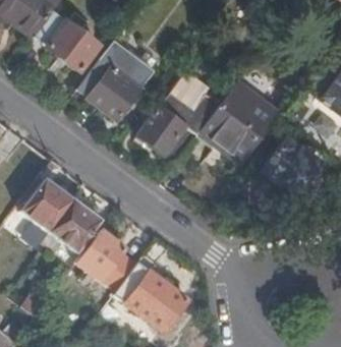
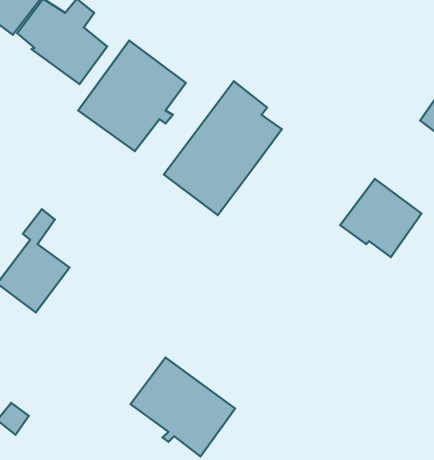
building: [200,83,274,160] -> none
building: [48,200,100,252] -> none
building: [74,231,124,282] -> none

